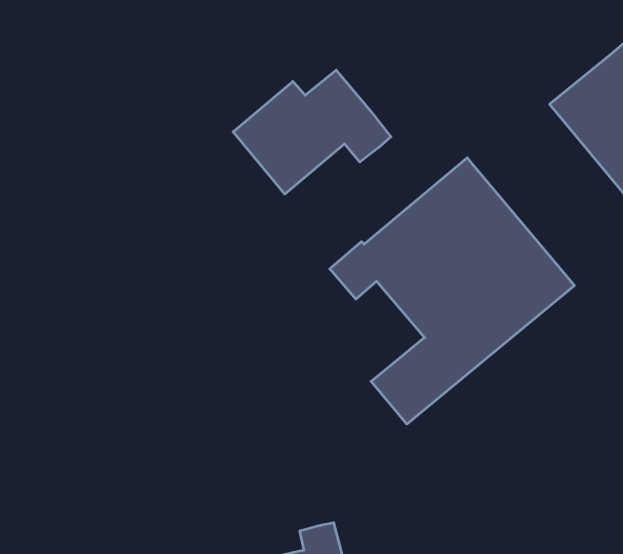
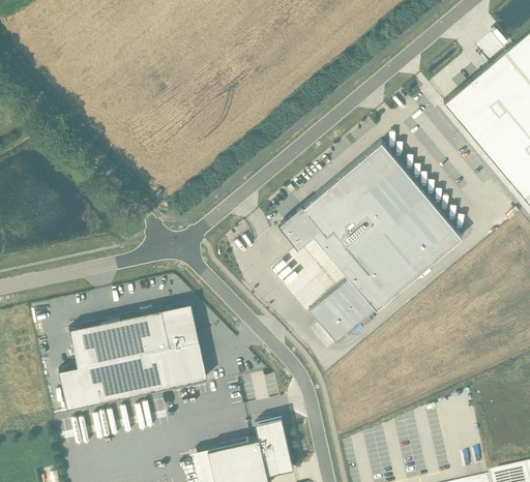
building: [233,70,391,194] -> none
building: none -> [59,307,208,410]

